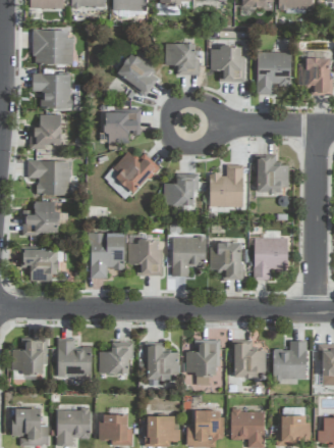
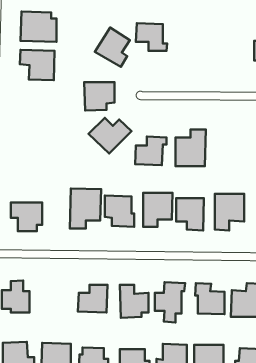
building: [212,46,245,82] -> none
building: [258,52,291,94] -> none
building: [31,114,61,148] -> none
building: [257,155,289,192] -> none
building: [29,160,71,195] -> none
building: [23,201,59,234] -> none
building: [58,338,92,378] -> none

